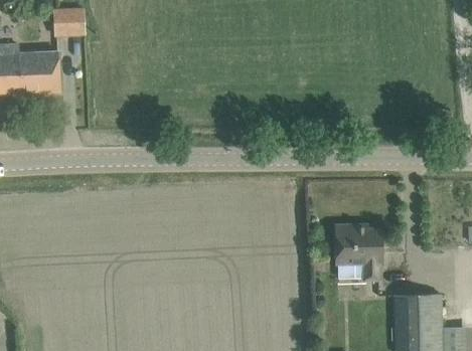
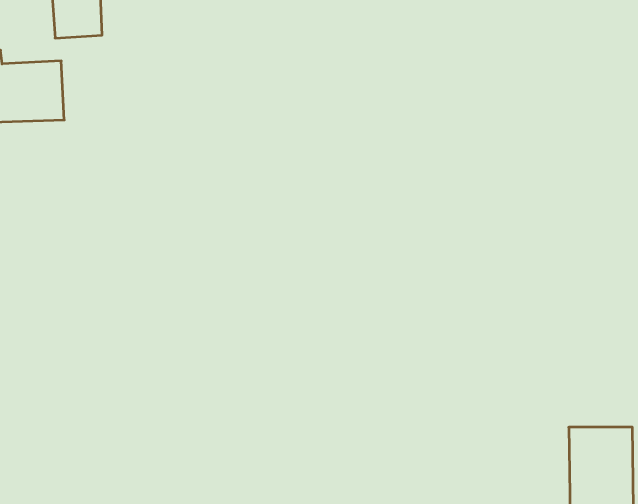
building: [336,224,382,281] -> none

